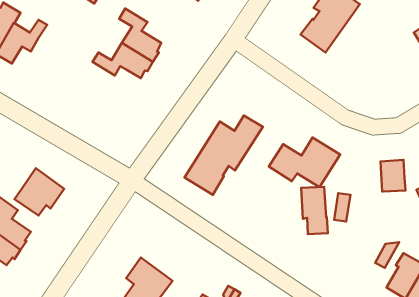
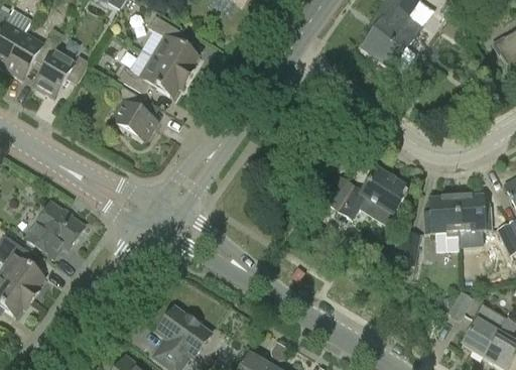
building: none -> [32,49,90,99]
building: none -> [109,86,158,143]
building: [185,115,263,195] -> none
building: [301,187,328,234] -> [427,195,459,250]

